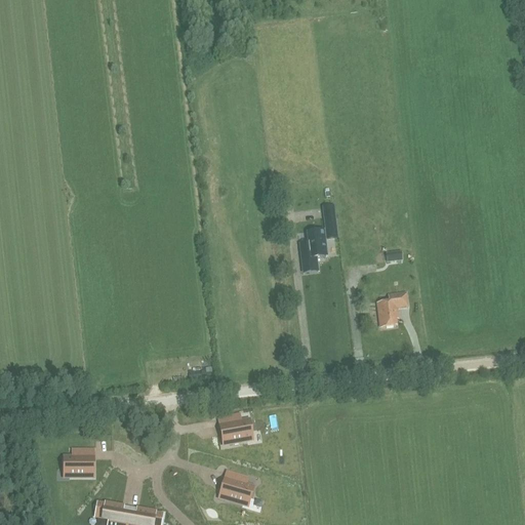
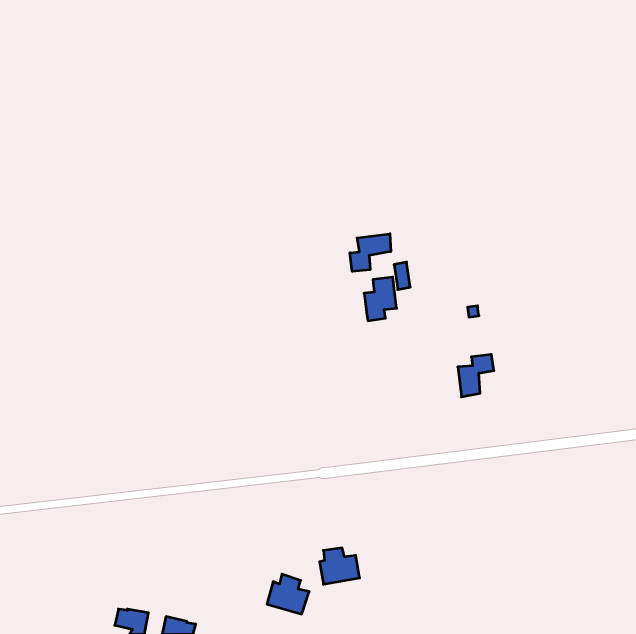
building: none -> [350,234,391,271]
building: [218,413,251,443] -> [320,548,360,584]
building: [64,448,94,475] -> none

